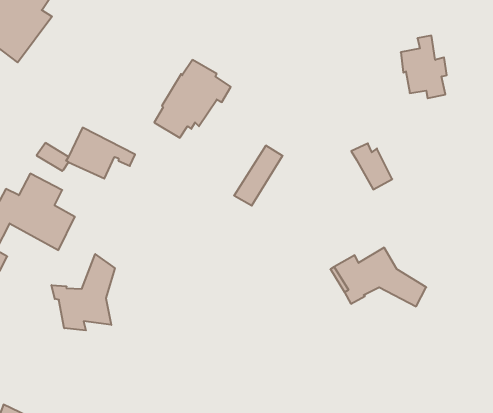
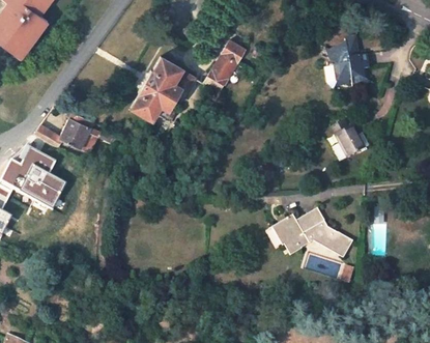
building: [351,143,392,189] -> [331,119,364,156]
building: [234,146,283,206] -> [205,39,245,88]
building: [52,254,115,330] -> none

